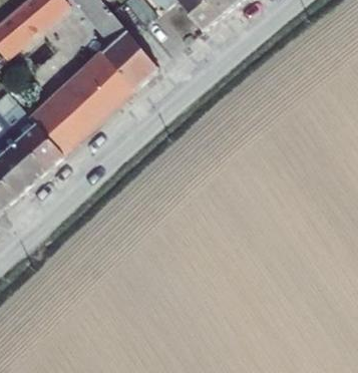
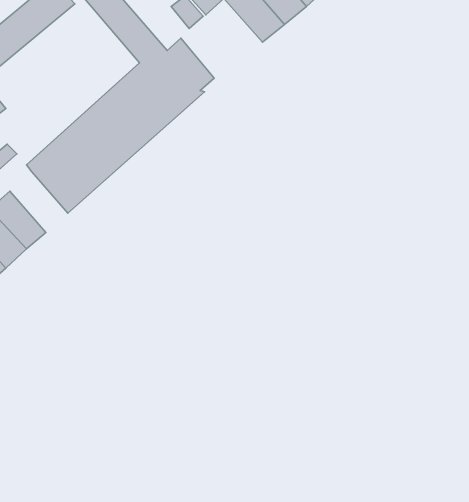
building: [17,126,59,170] -> none

